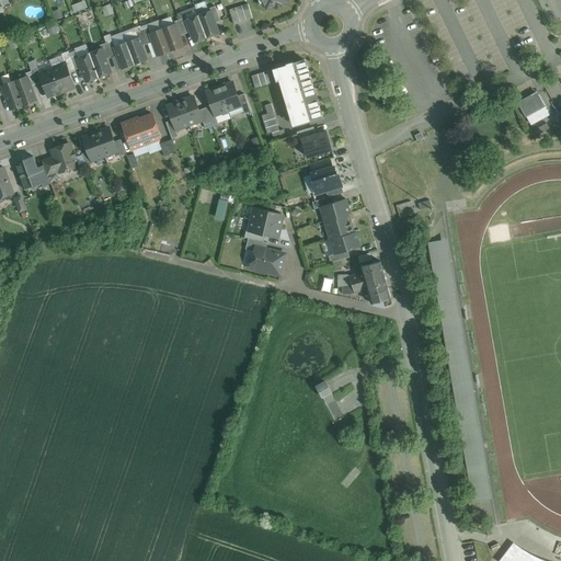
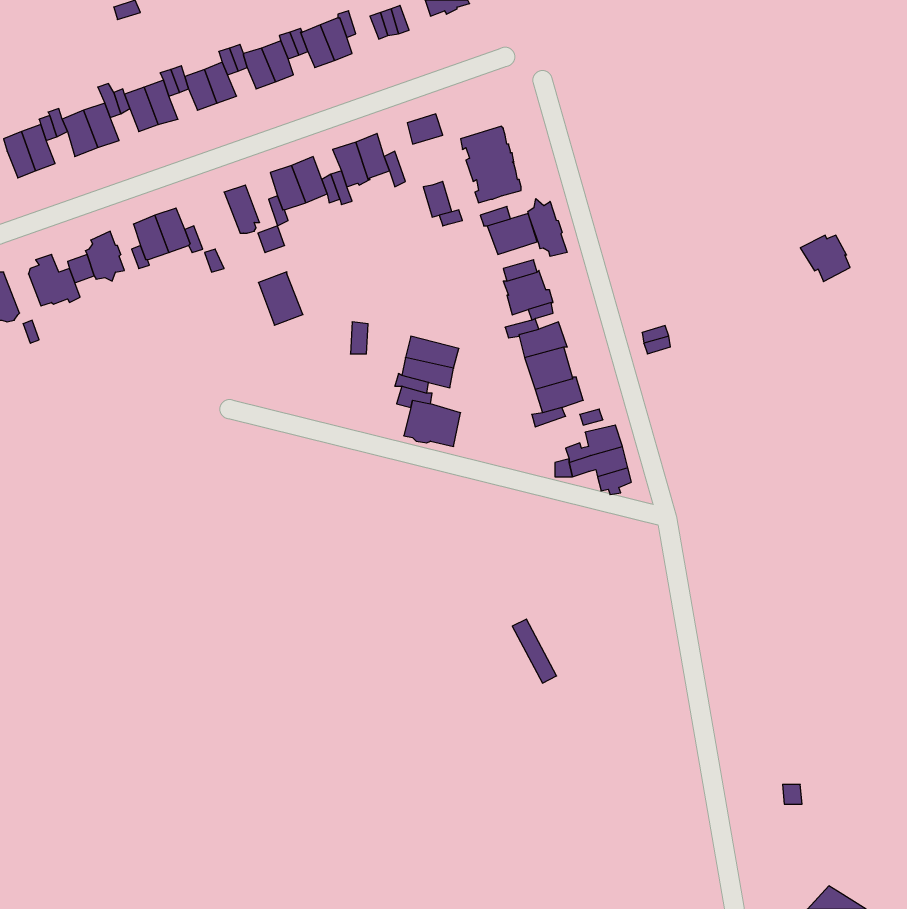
building: [275,60,309,85] -> none
building: [516,94,547,123] -> [800,235,850,282]
building: [121,117,148,150] -> [258,272,303,325]
building: none -> [528,199,567,256]

